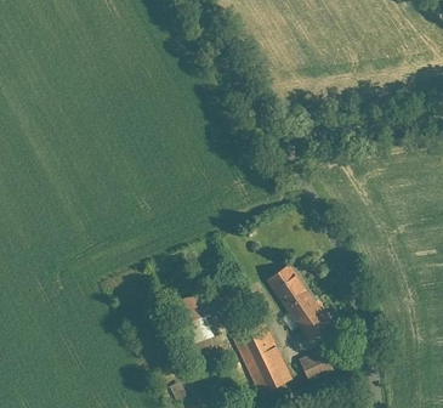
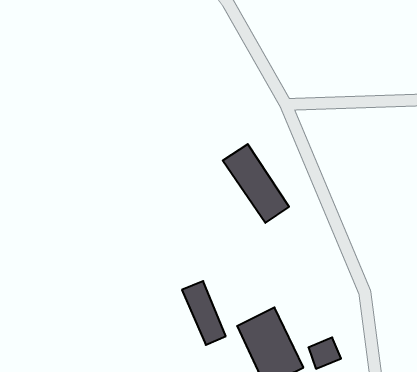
building: [266,264,330,340] -> [223,144,289,223]

